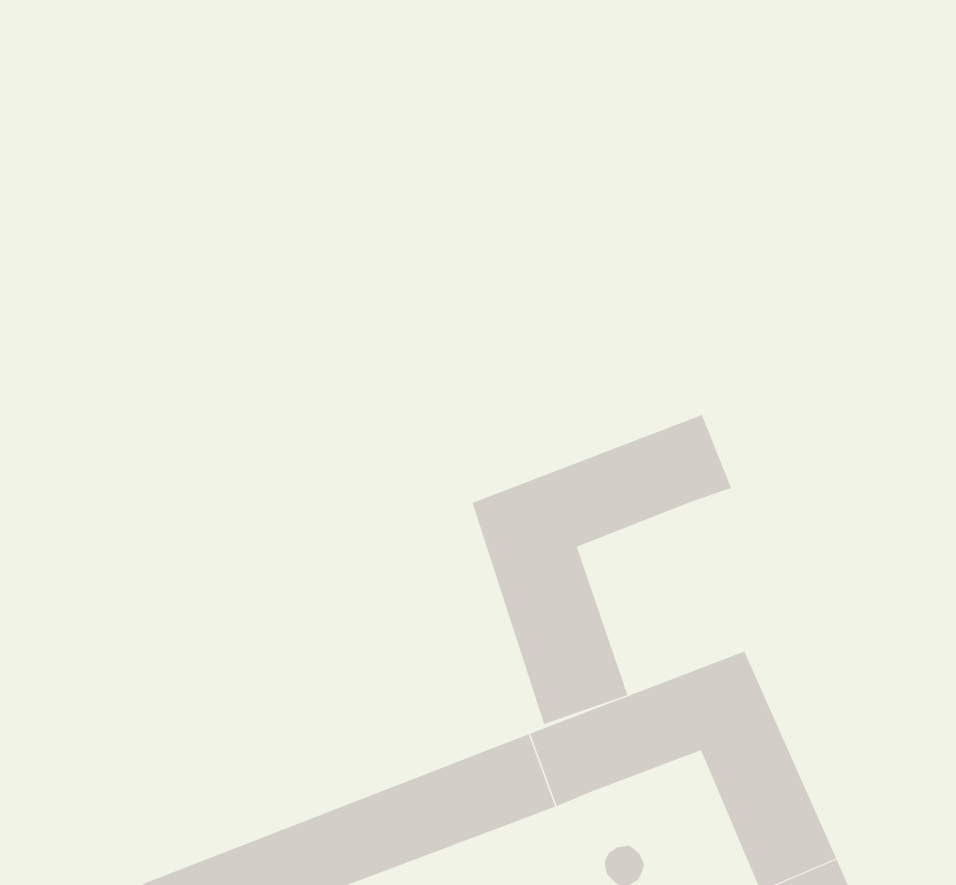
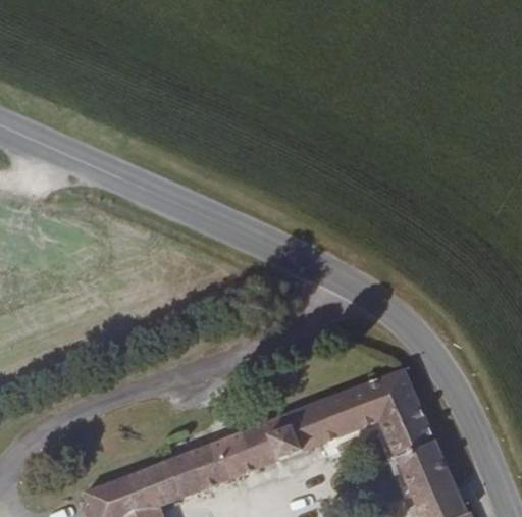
building: [472,414,732,725] -> none

